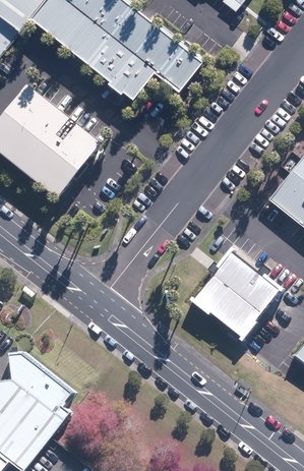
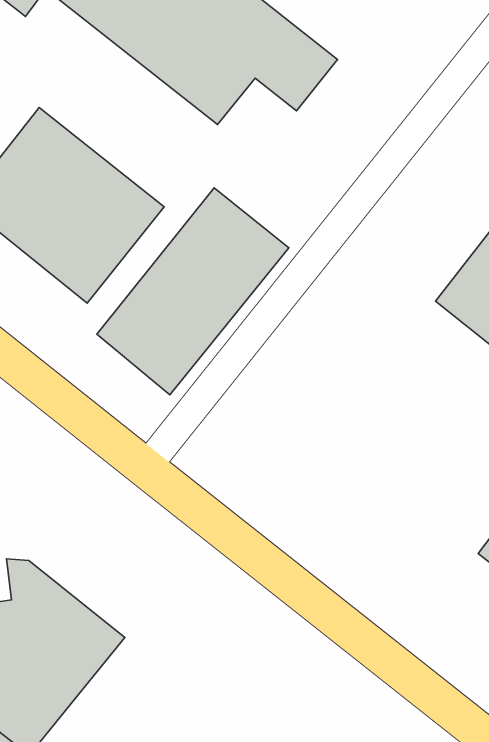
building: none -> [97,188,289,395]
building: [189,249,283,342] -> none

